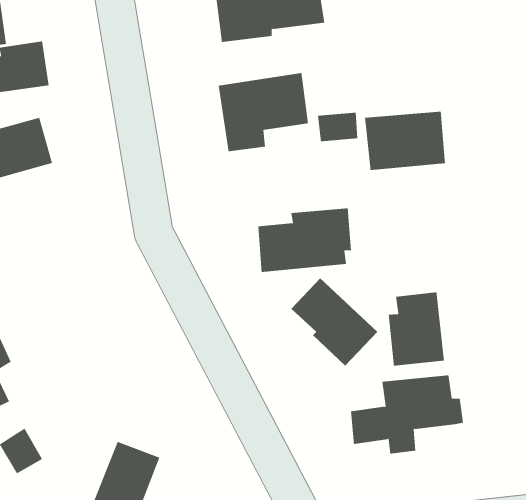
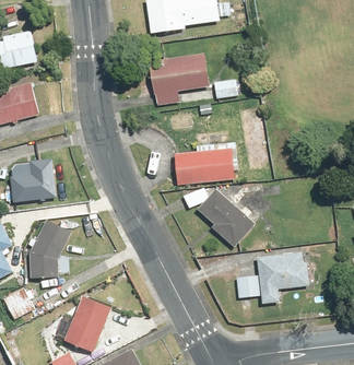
building: [364,111,445,171] -> none
building: none -> [12,160,56,200]
building: [388,292,444,366] -> none
building: none -> [26,219,72,278]

